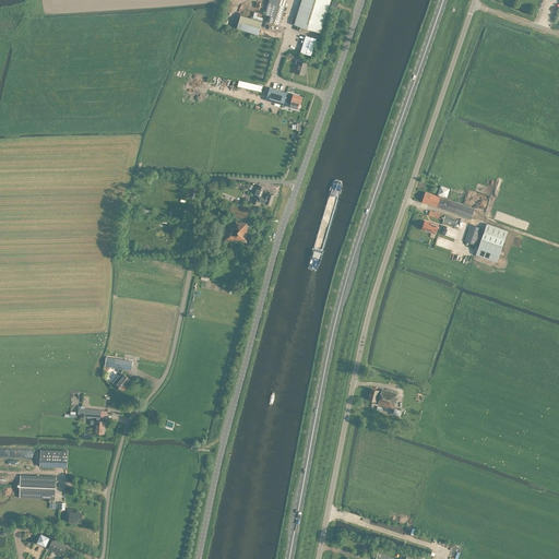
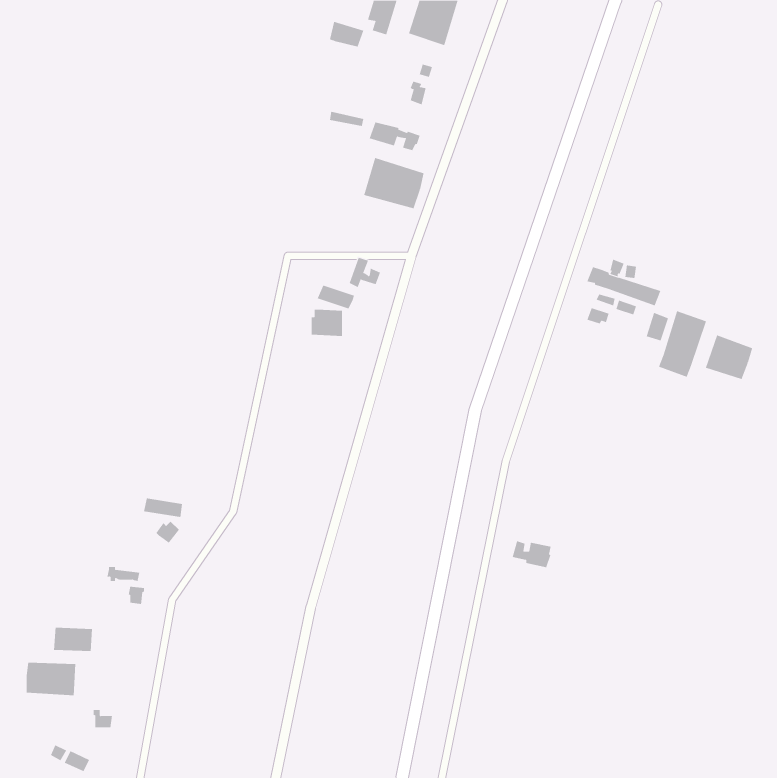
building: none -> [364,157,424,209]
building: none -> [705,335,753,380]

